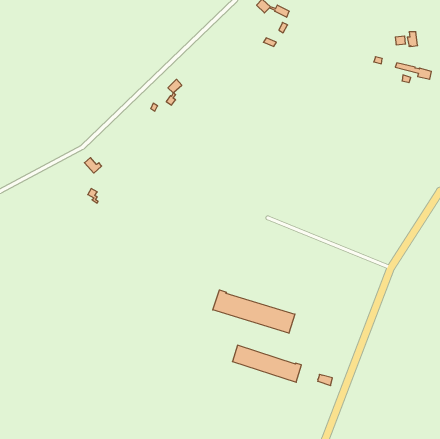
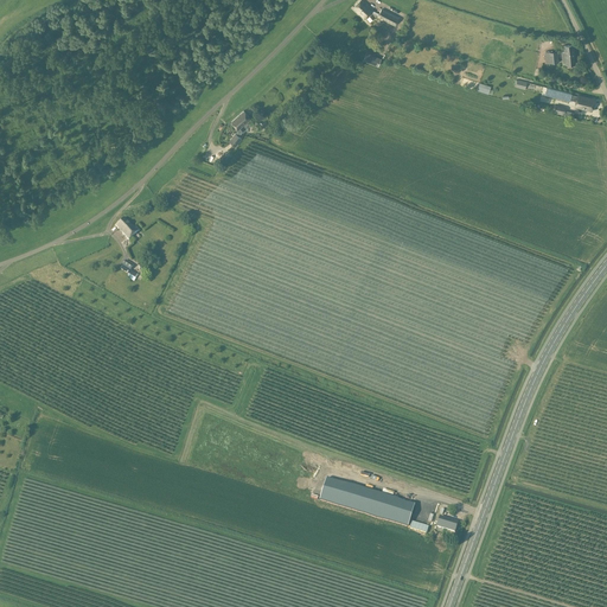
building: [213,290,295,333] -> none

